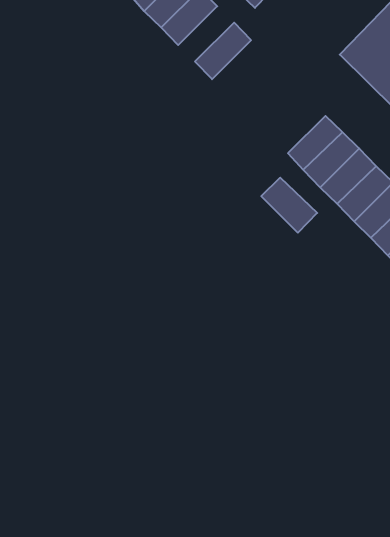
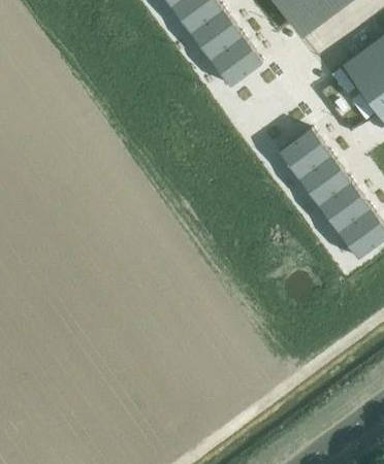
building: none -> [215,33,257,70]
building: [261,178,317,233] -> none

